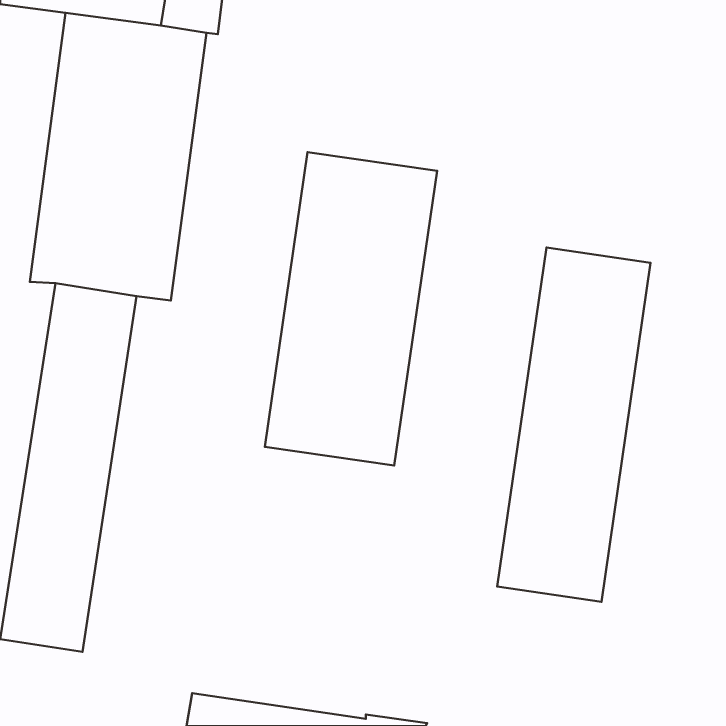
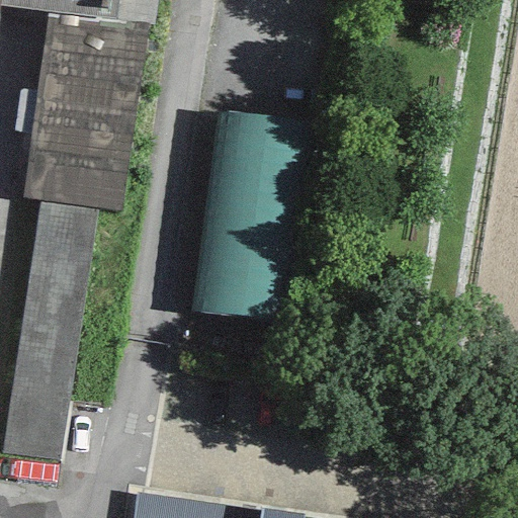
building: [497,247,651,602] -> none

